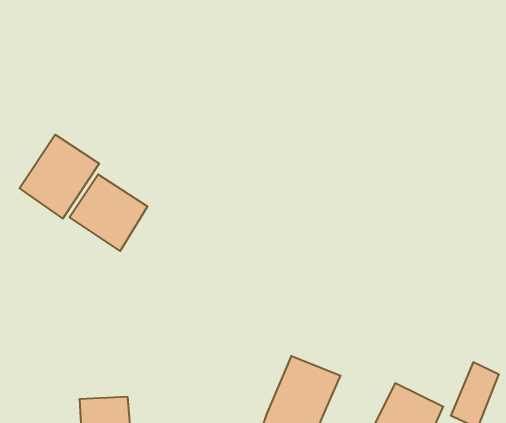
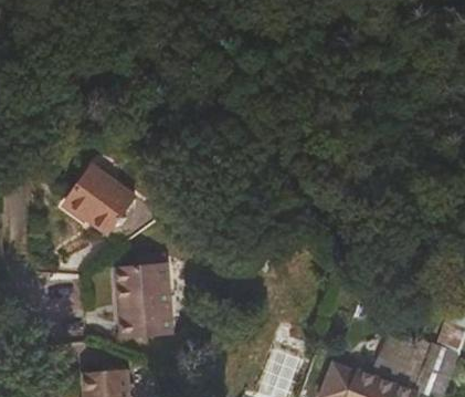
building: [20,135,99,219] -> none
building: none -> [116,257,177,334]

